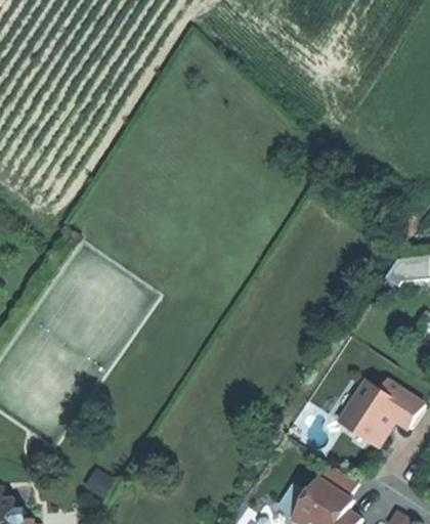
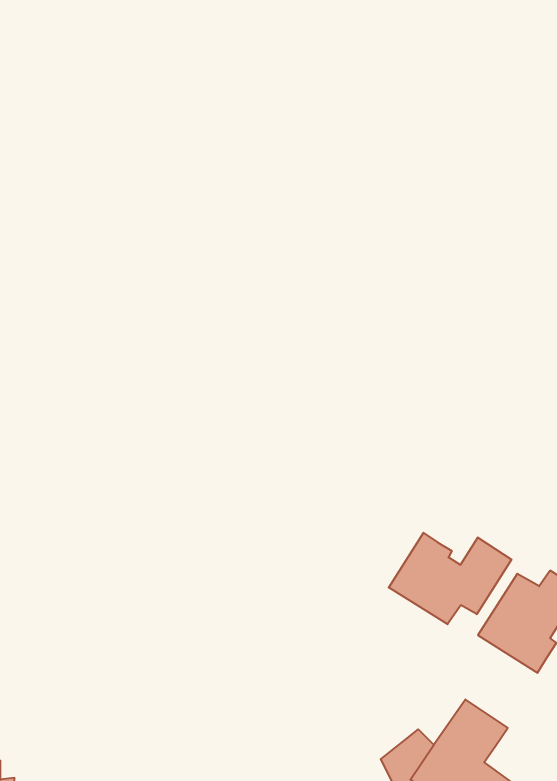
building: none -> [389,533,511,624]

